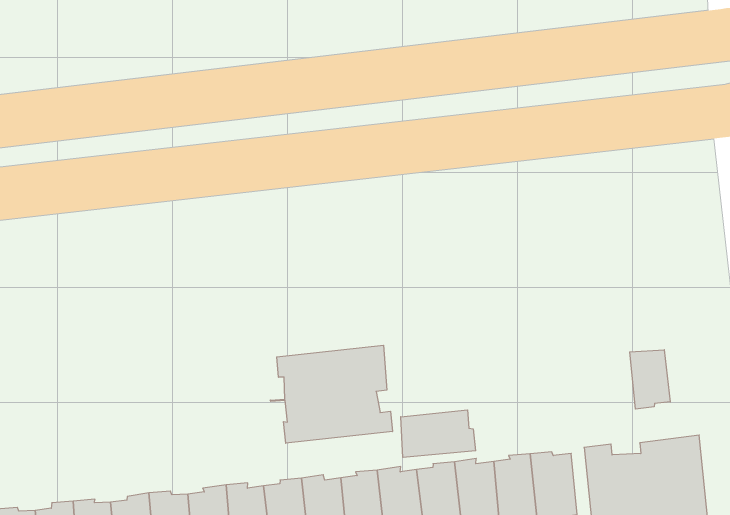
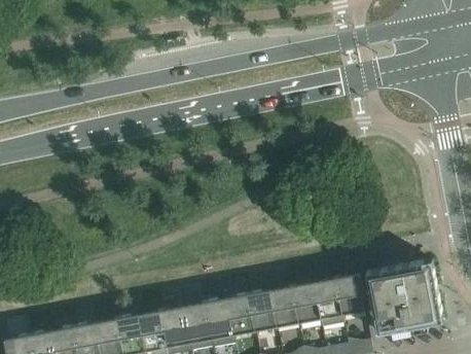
building: [270,345,392,443] -> none
building: [630,350,670,409] -> none
building: [401,410,476,457] -> none

